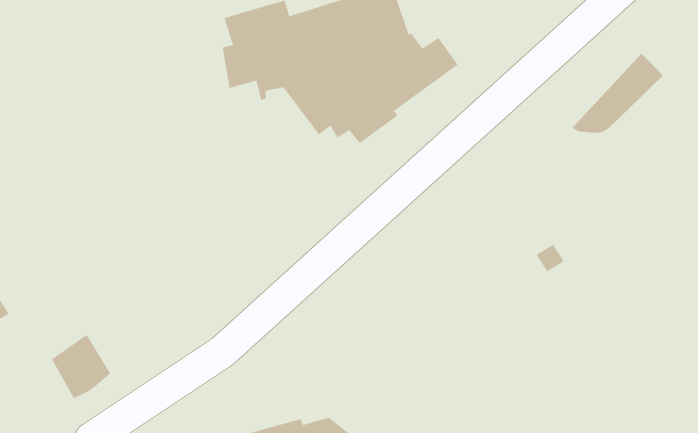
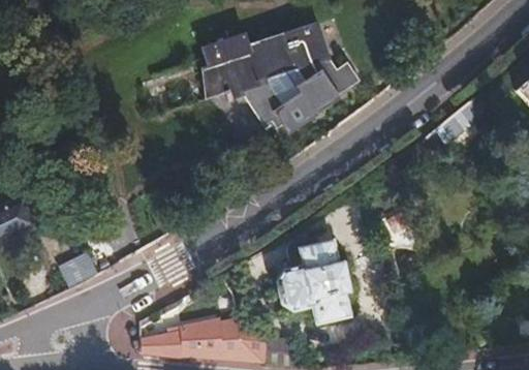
building: none -> [272,233,350,323]

